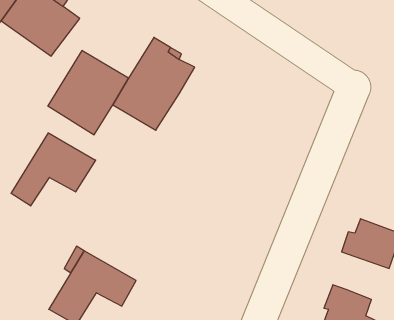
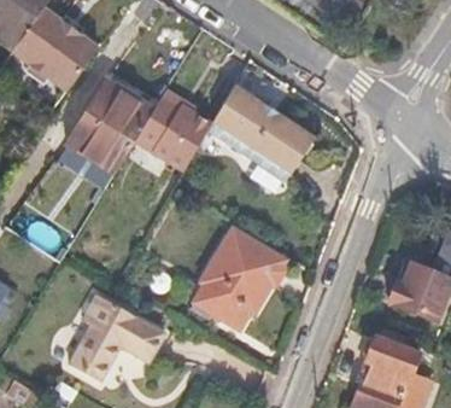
building: none -> [209,86,316,181]
building: [11,133,96,206] -> none
building: none -> [195,229,285,328]

